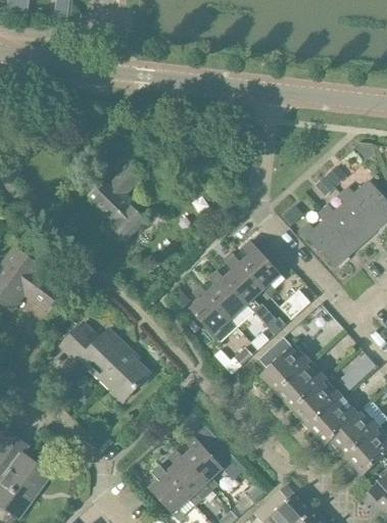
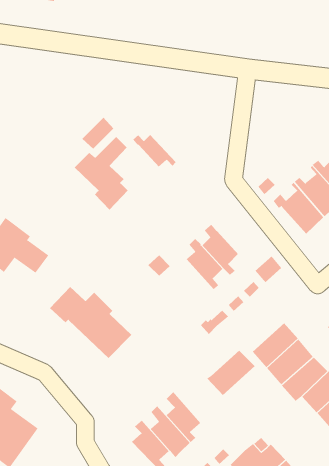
building: none -> [132,134,177,167]
building: [240,240,280,295] -> none
building: [189,286,236,341] -> none
building: [259,343,311,392] -> [207,350,255,396]

